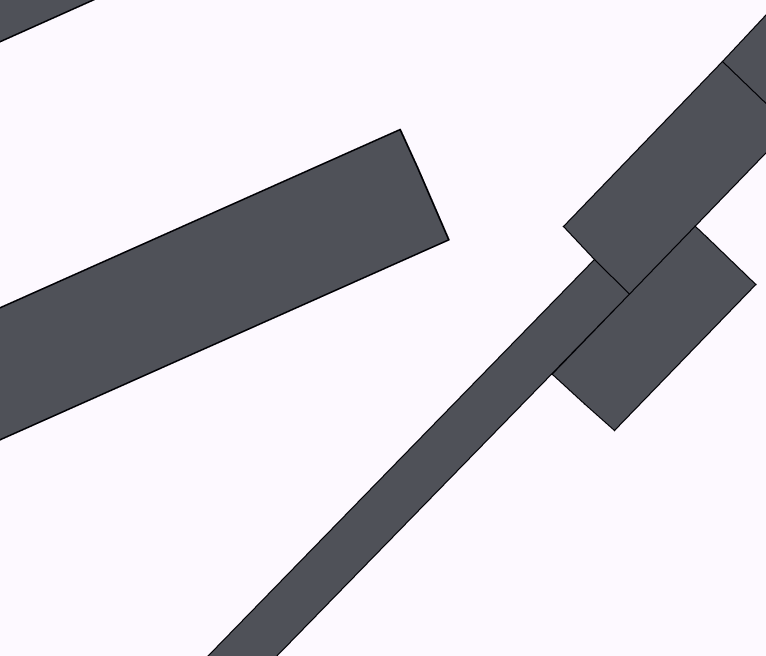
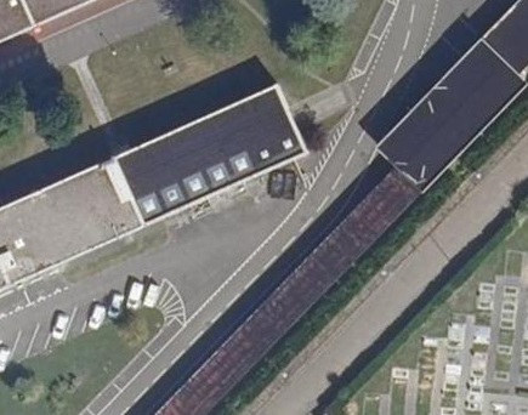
building: [552,226,756,430] -> none

